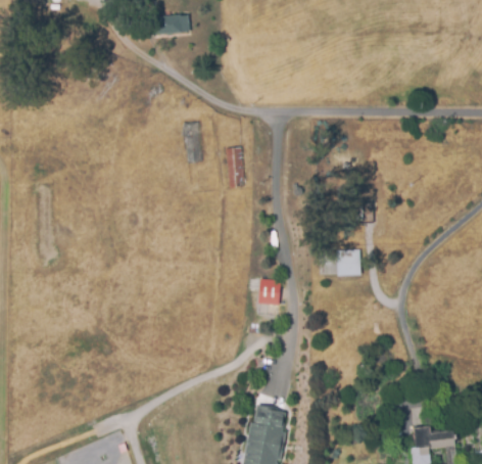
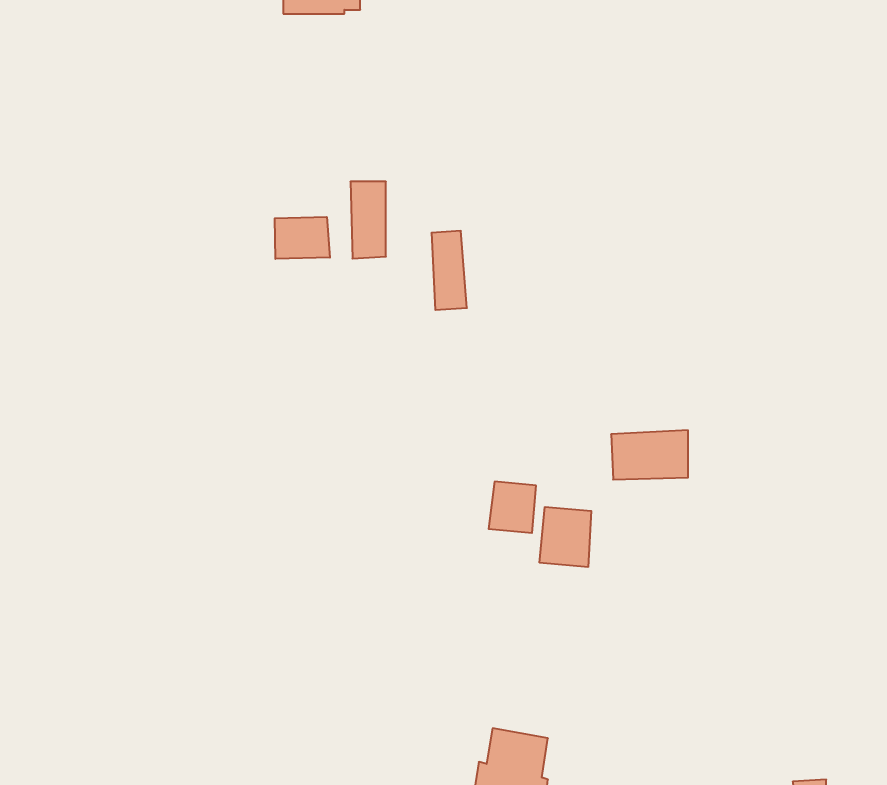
building: none -> [275,217,330,259]
building: none -> [540,507,591,567]

